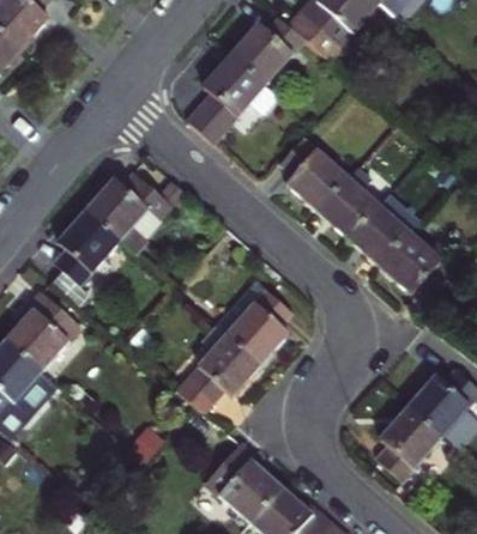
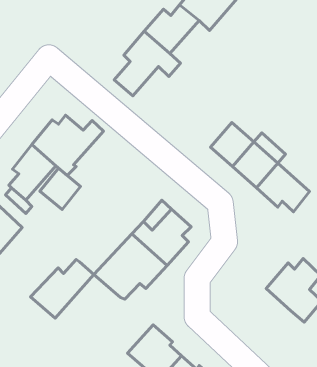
building: [290,142,357,216] -> none
building: none -> [40,168,81,209]
building: none -> [30,259,94,318]
building: [374,407,437,480] -> none

